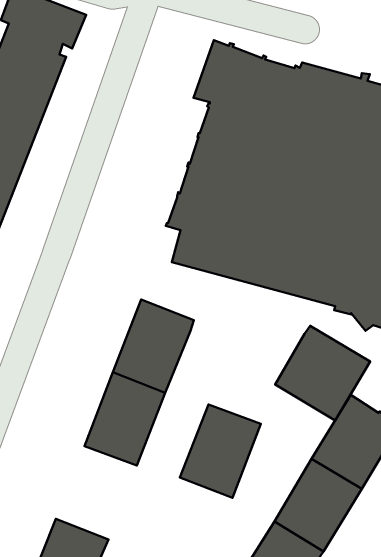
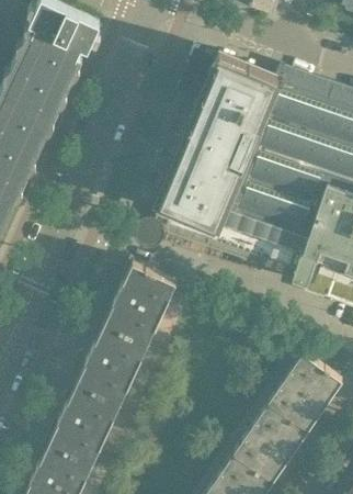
building: [275,326,370,420] -> none
building: [180,405,261,498] -> [53,380,123,459]

